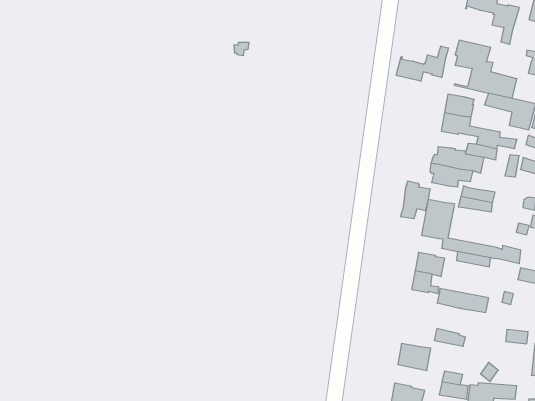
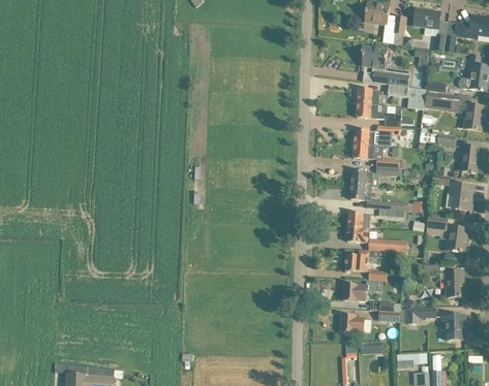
building: [396,46,449,81] -> none
building: [400,181,430,219] -> none
building: none -> [344,250,368,272]

